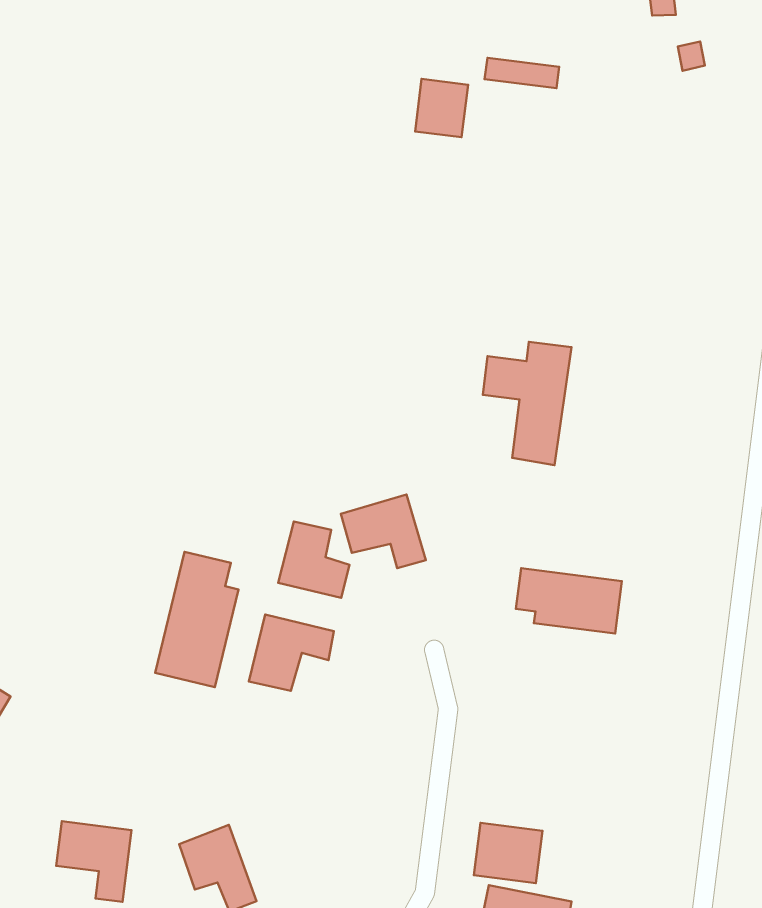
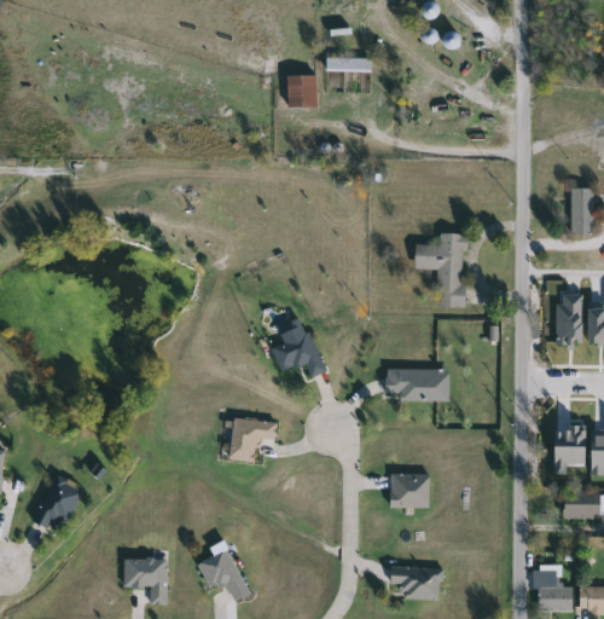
building: [483,342,571,465] -> [416,233,466,307]
building: [278,521,350,598] -> none
building: [155,552,238,687] -> none
building: [474,823,542,883] -> [390,473,429,505]

